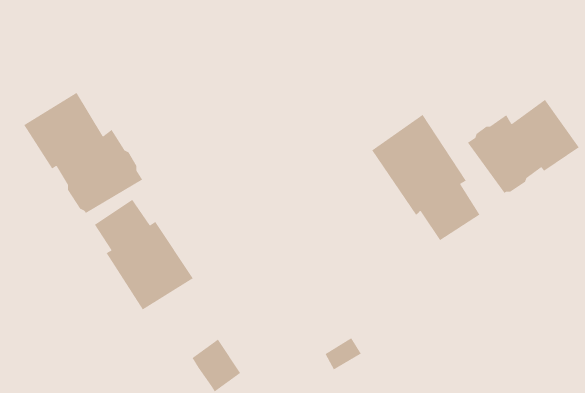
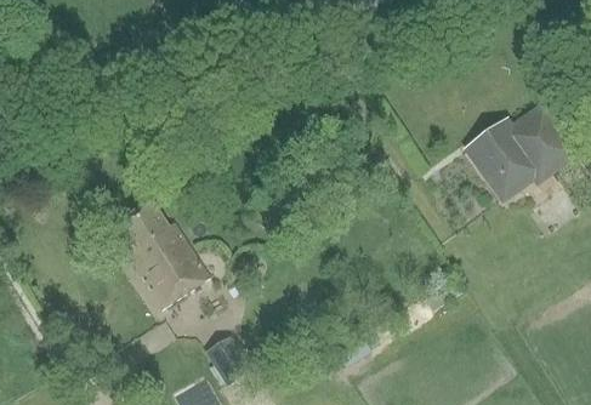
building: [23,92,143,214] -> none
building: [371,114,480,241] -> none

